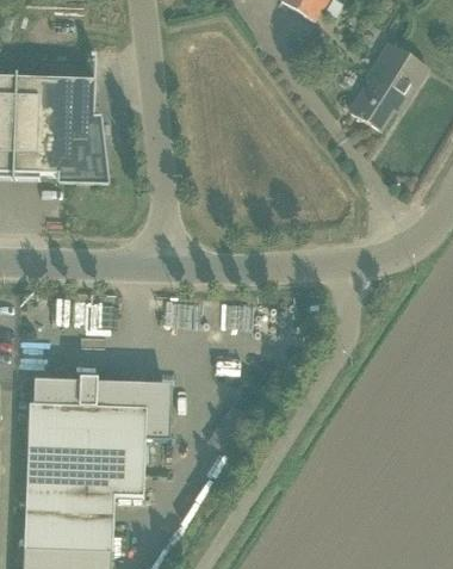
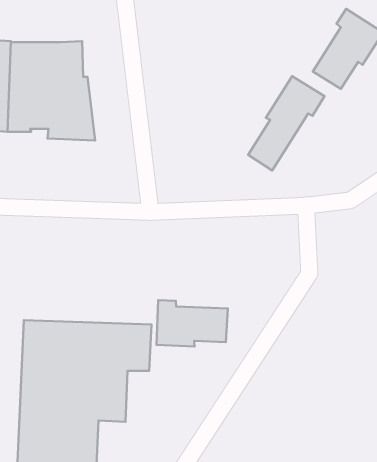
building: none -> [248,76,325,171]
building: none -> [157,300,228,346]

